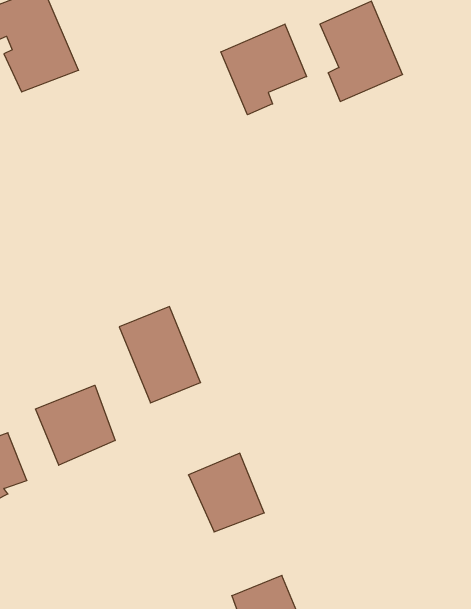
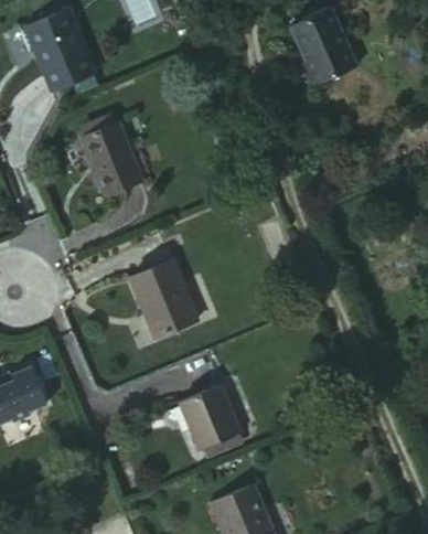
building: [221,24,307,115] -> none
building: none -> [81,122,140,196]
building: [36,385,115,465] -> none

